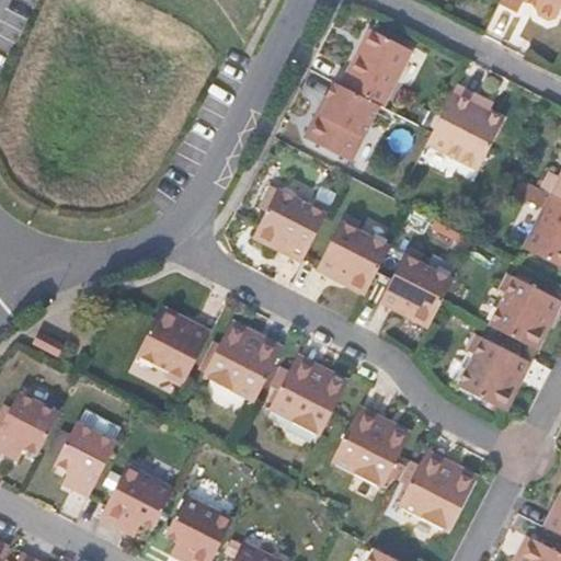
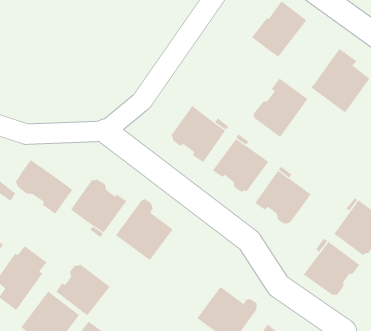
building: [306,82,376,161] -> [253,78,308,138]
building: none -> [15,159,73,214]
building: [270,363,346,435] -> none
building: none -> [55,263,111,316]

